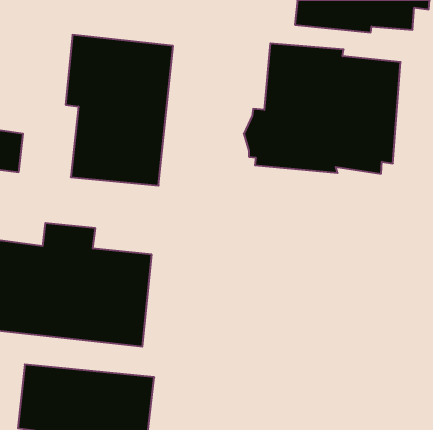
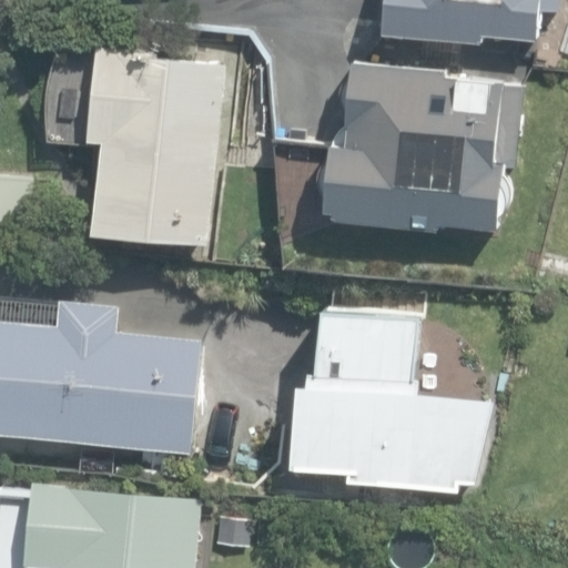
building: none -> [285,303,487,485]

